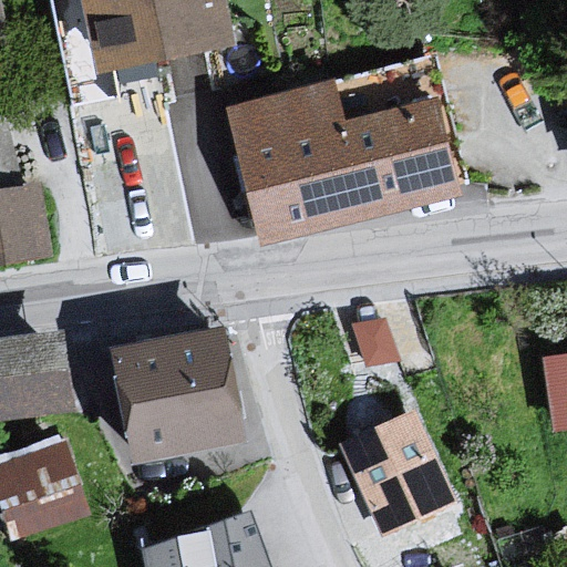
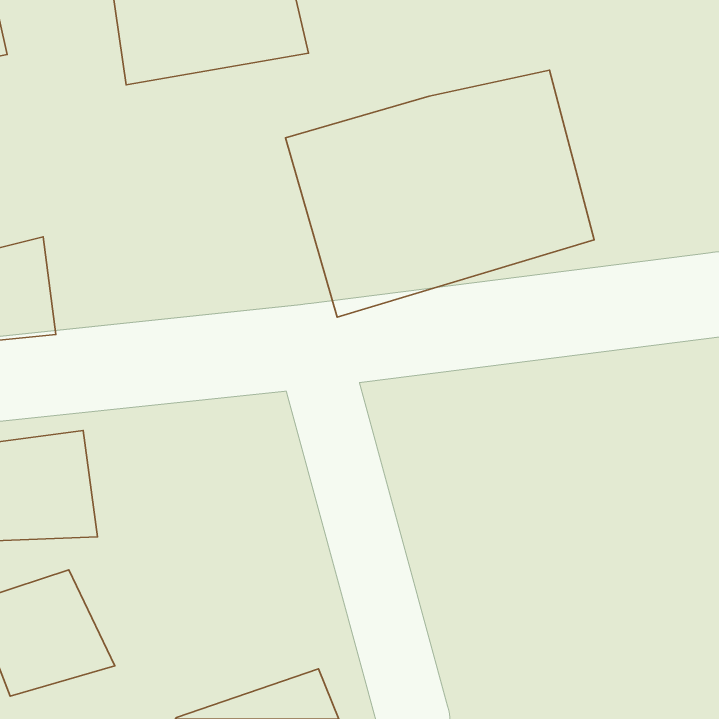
building: [113,336,250,467] -> none
building: [331,411,451,535] -> none

